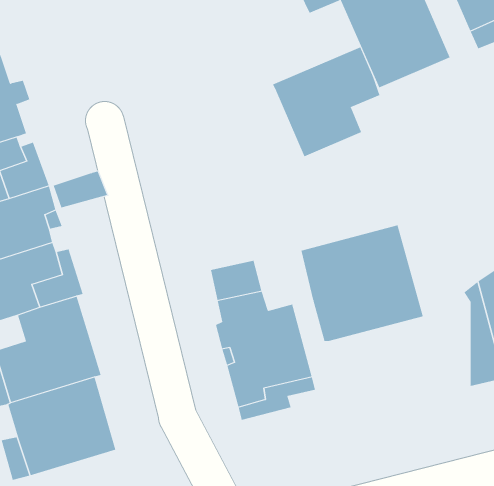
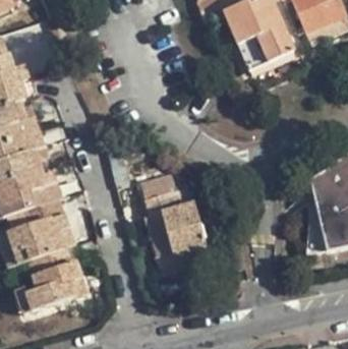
building: [272,46,380,157] -> none
building: [301,224,424,342] -> none

